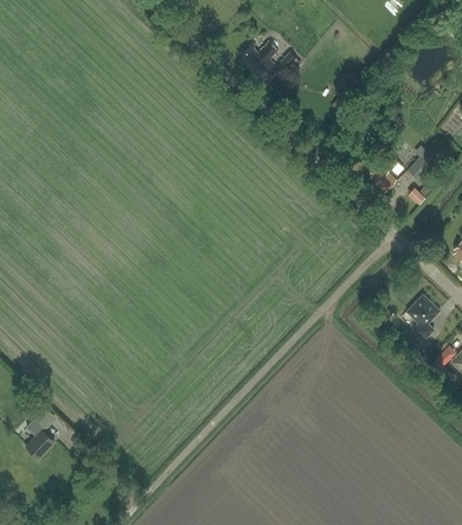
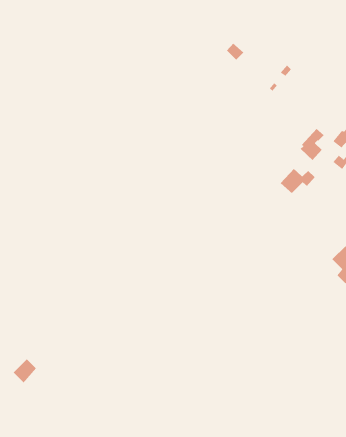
building: [242,41,278,79] -> none
building: none -> [280,168,316,194]

